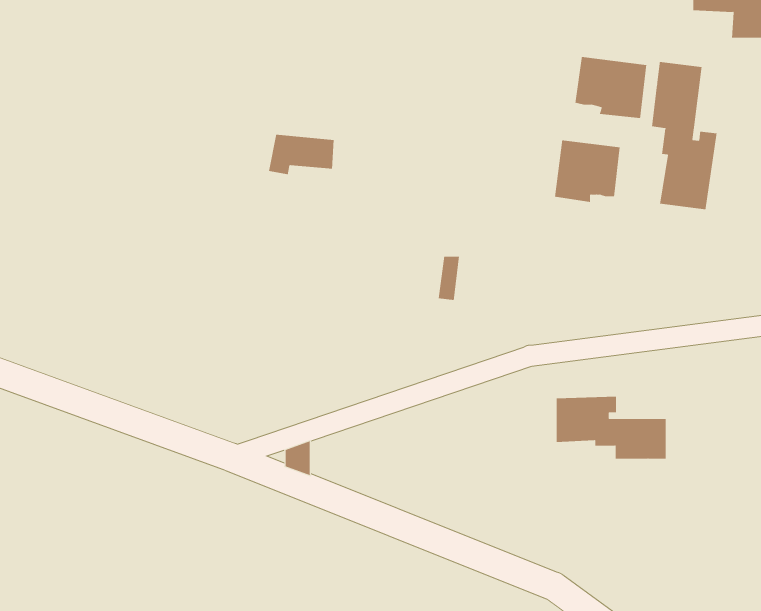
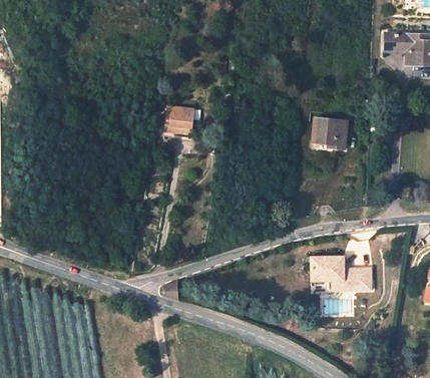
building: [575,56,647,119] -> none
building: [651,61,717,210] -> none

